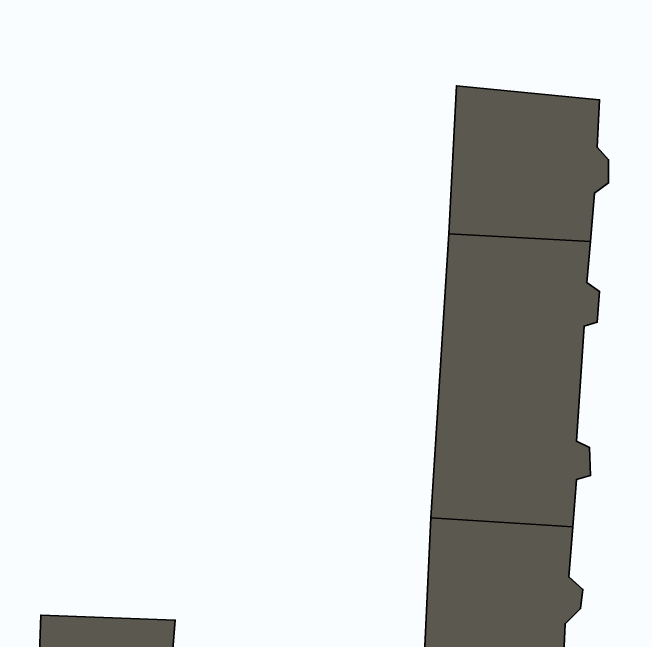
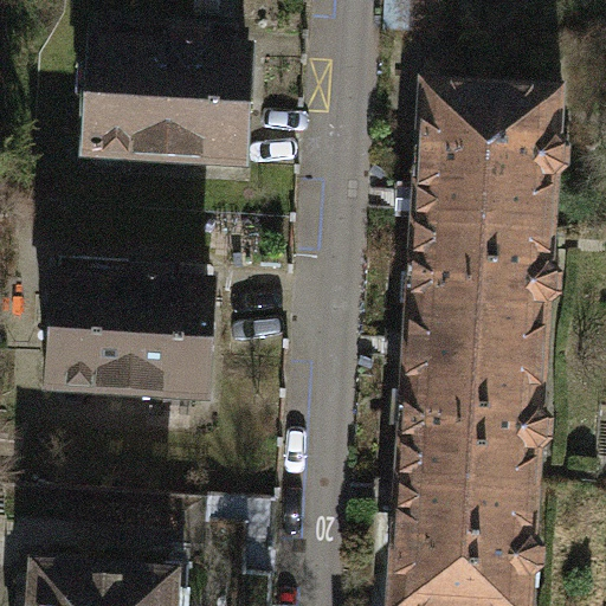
building: none -> [78,33,244,167]
building: none -> [37,258,205,402]

